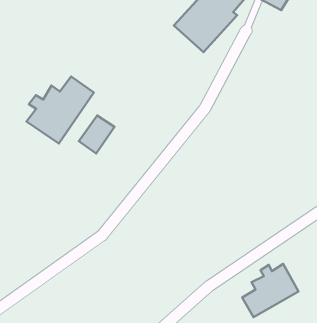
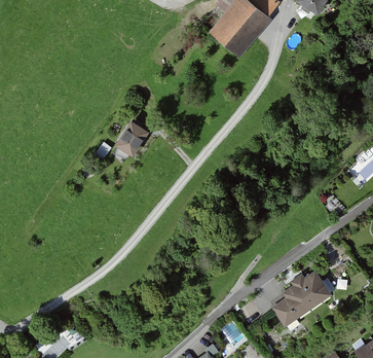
building: [26,77,94,143] -> none

